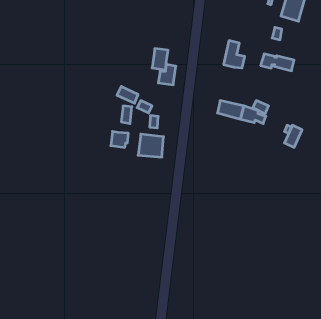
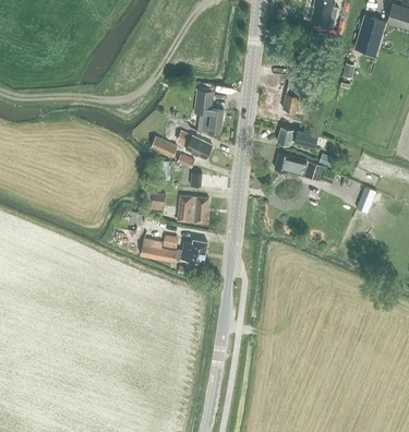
building: [261,54,294,71] -> [277,127,318,147]
building: none -> [177,130,212,158]
building: none -> [141,238,207,267]

